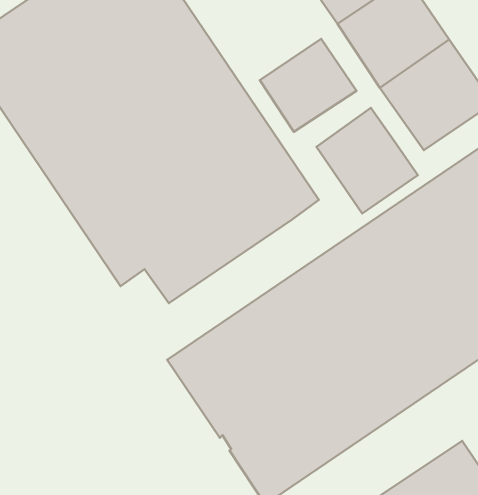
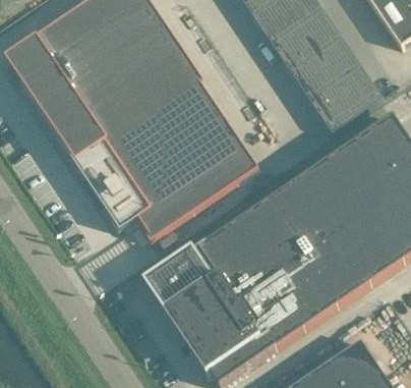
building: [260,39,356,132] -> none
building: [317,108,418,214] -> none

